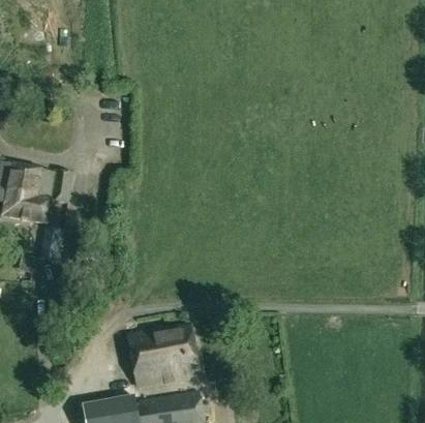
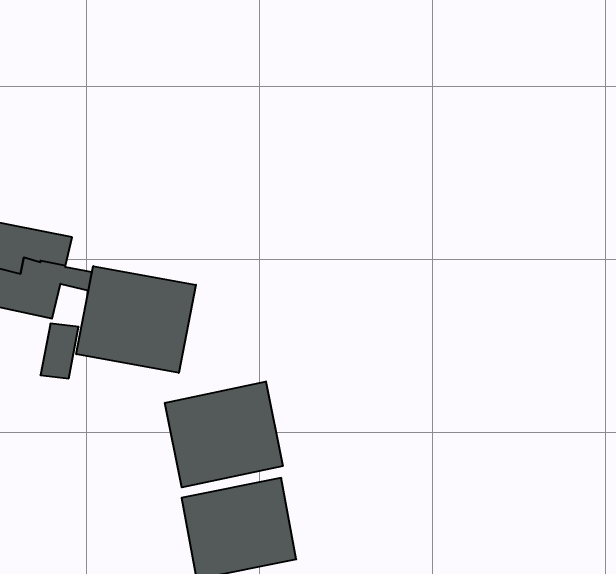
building: none -> [76,266,196,373]
building: none -> [165,381,283,487]

